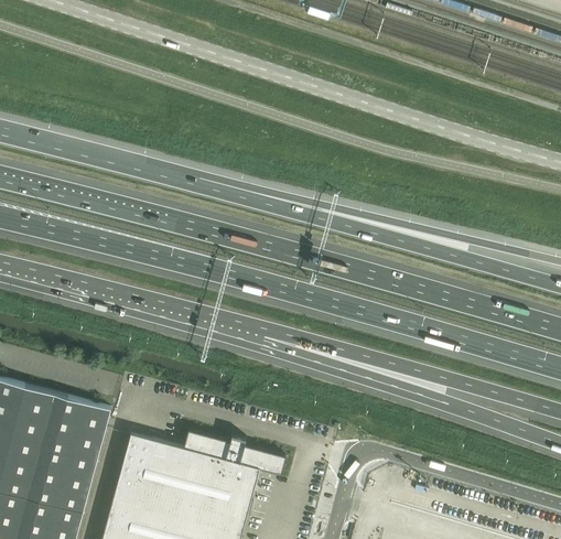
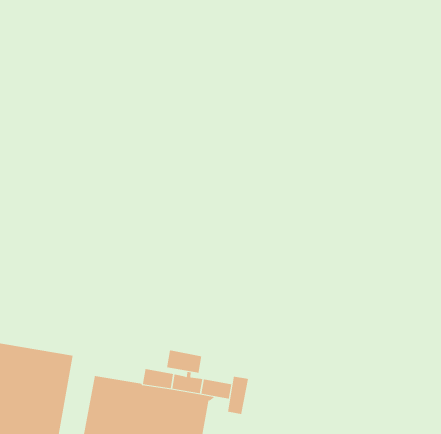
building: none -> [166,349,202,373]
building: none -> [227,376,249,415]

